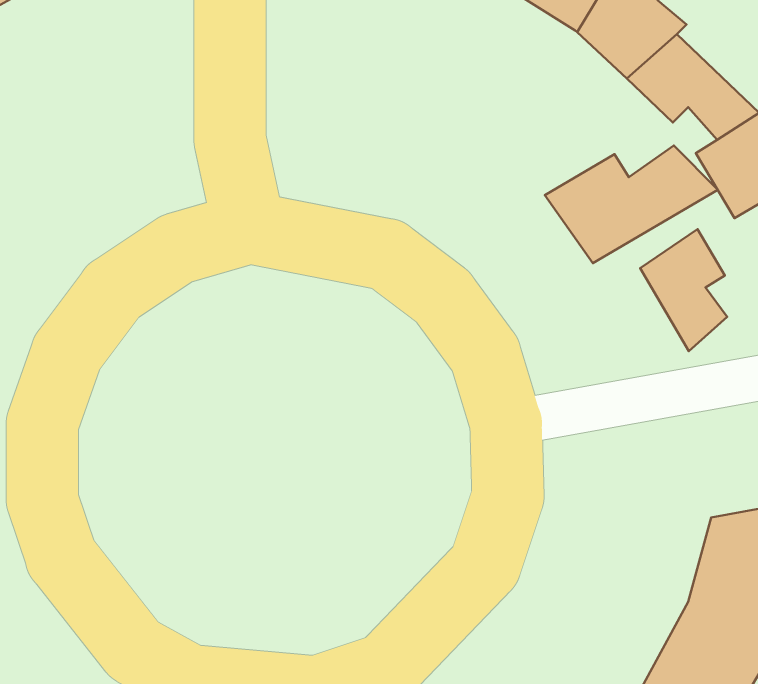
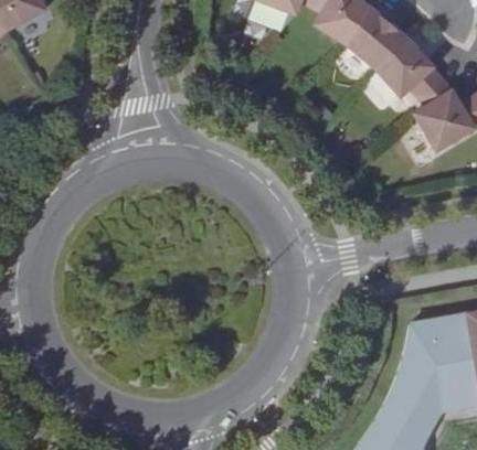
building: [545,145,718,263] -> none
building: [640,229,727,351] -> none

